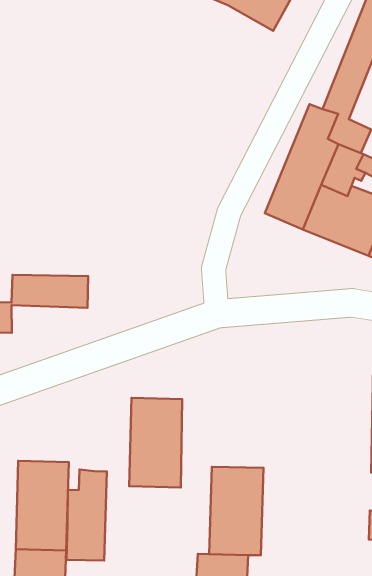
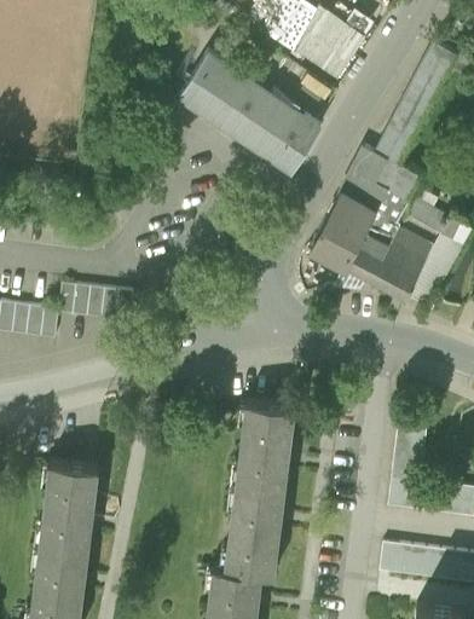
building: none -> [180,51,322,168]
building: [129,398,182,487] -> [236,400,295,491]
building: [67,469,107,560] -> none

